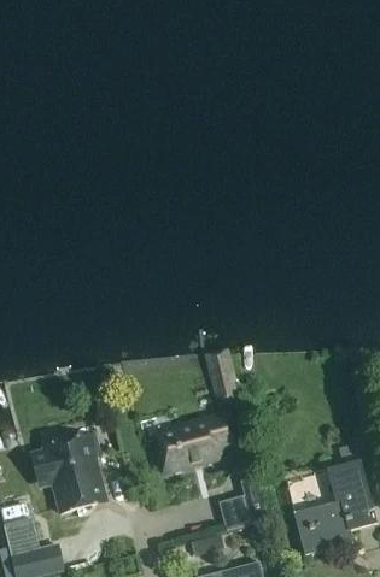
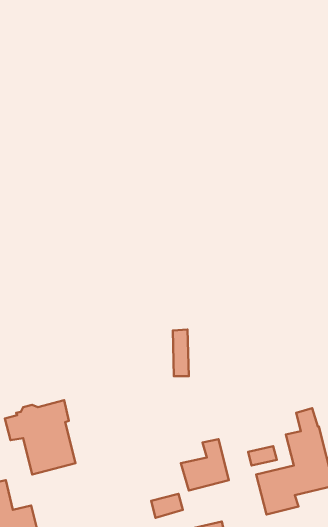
building: [153,412,238,472] -> none

